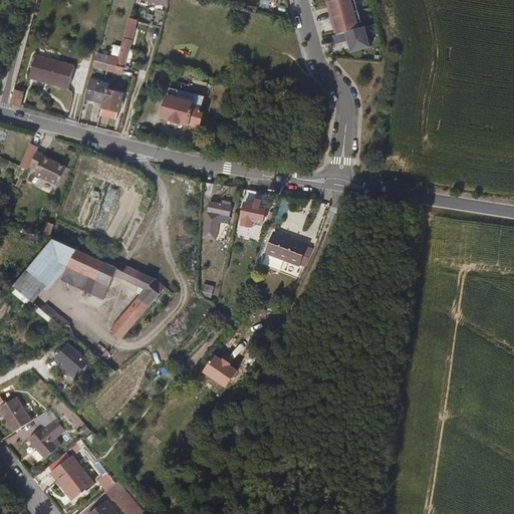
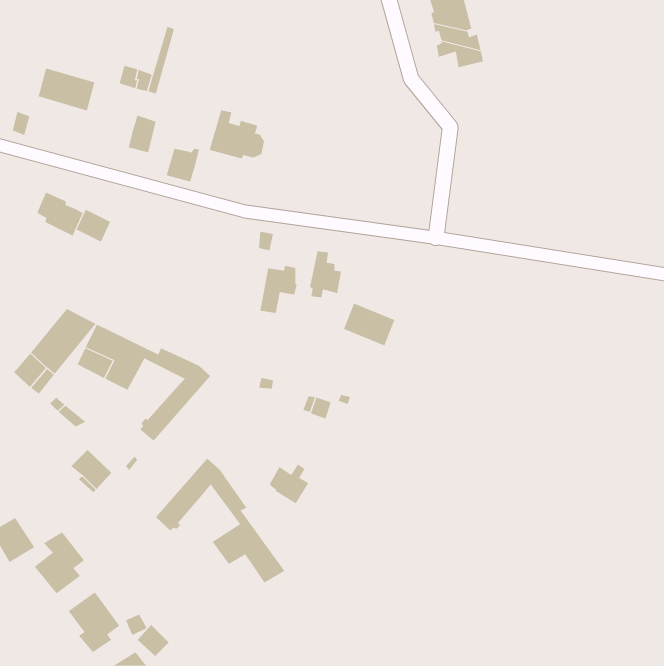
building: [82,75,108,101] -> [166,148,200,182]
building: none -> [76,209,111,242]
building: none -> [155,458,285,583]

